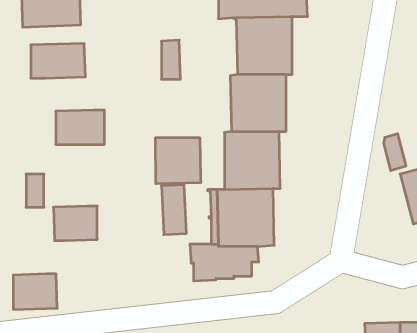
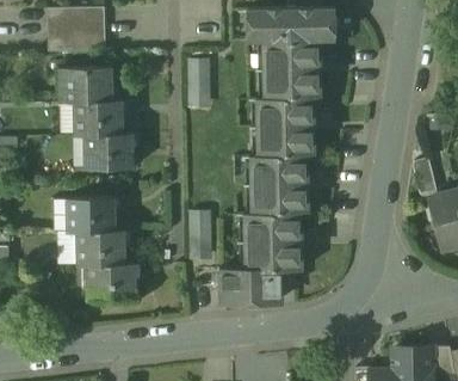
building: none -> [73,100,122,135]
building: [156,138,201,184] -> none
building: none -> [72,197,116,232]
building: [13,274,57,309] -> [92,264,136,300]

